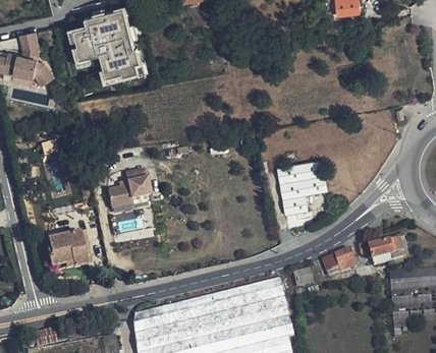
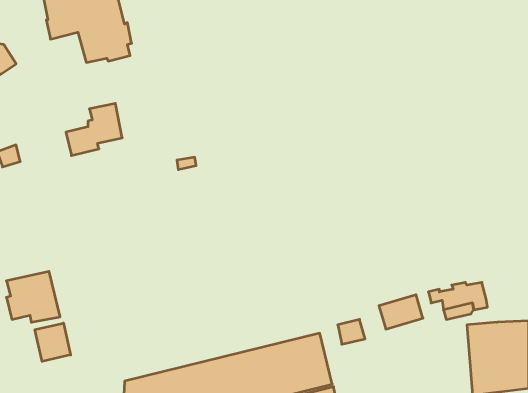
building: [277,160,327,215] -> none
building: [107,169,149,208] -> [66,103,122,156]
building: none -> [35,323,71,361]

